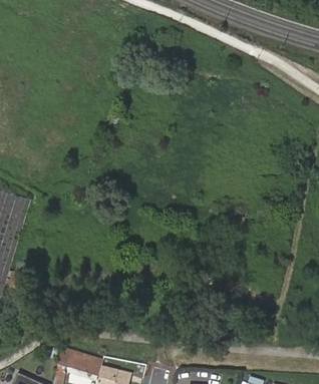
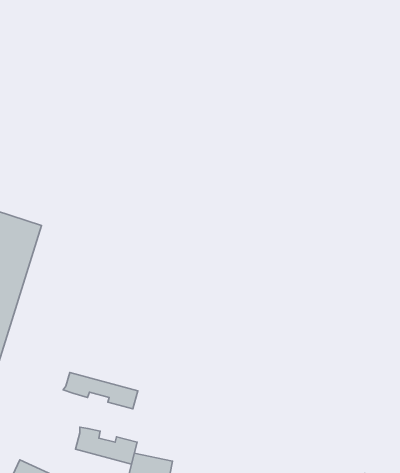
building: none -> [63,373,138,409]

